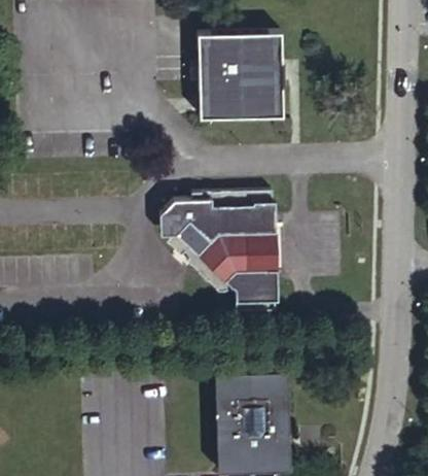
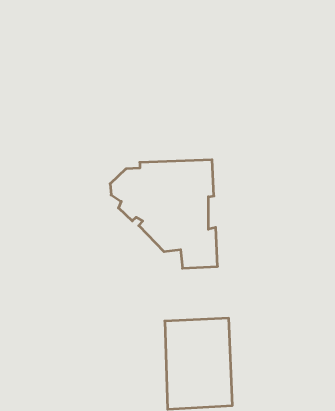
building: [195,31,286,115] -> none

